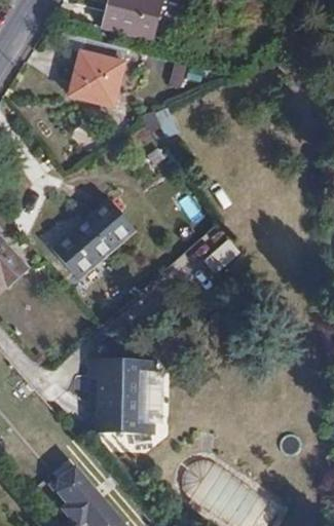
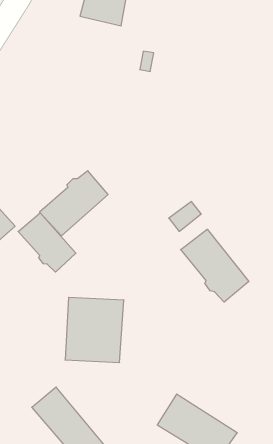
building: [69,36,127,106] -> none
building: none -> [18,213,76,272]
building: none -> [181,229,249,302]

